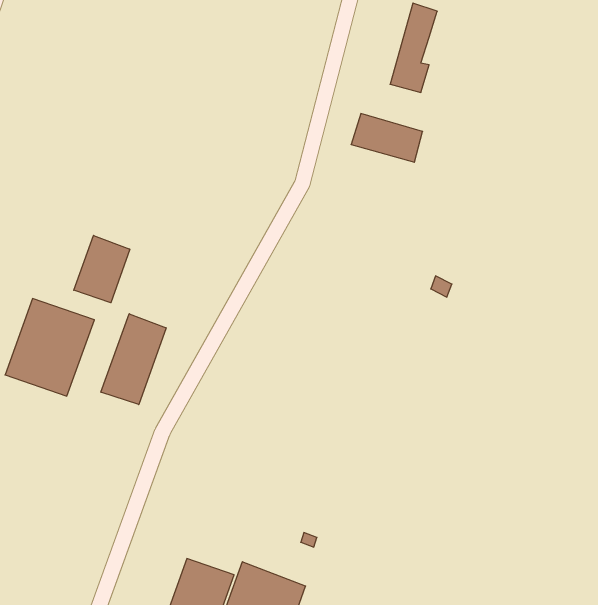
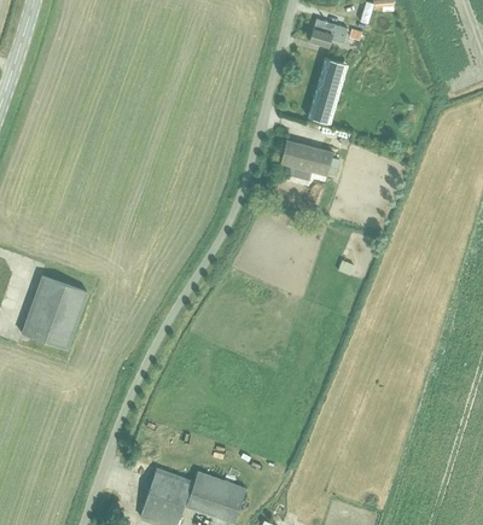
building: [74,235,130,303] -> none
building: [101,314,166,405] -> none

